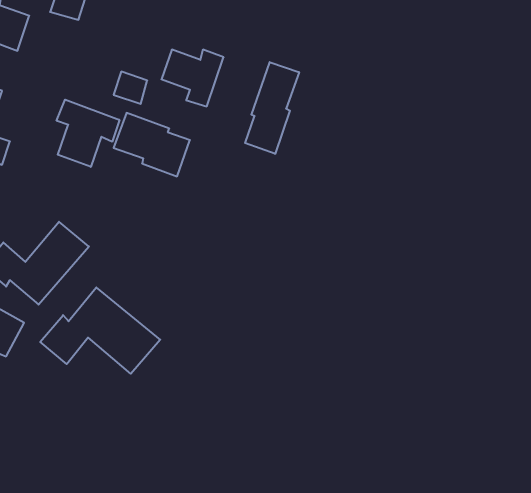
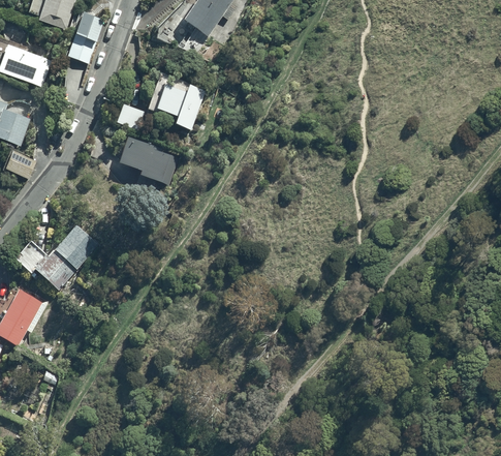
building: [245,62,299,154] -> none
building: [57,100,119,167] -> none
building: [40,287,160,374] -> none

